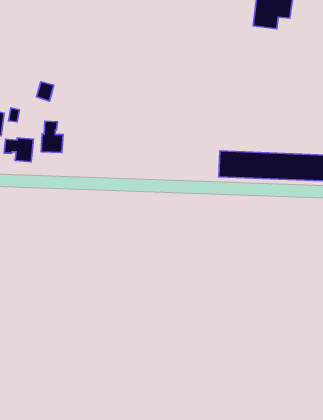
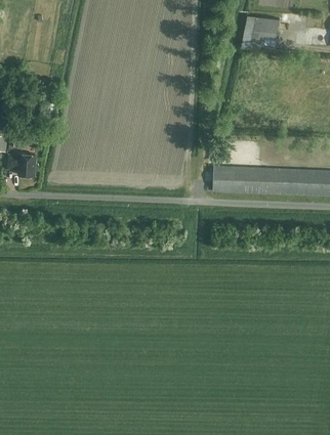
building: [41,121,63,152] -> none

